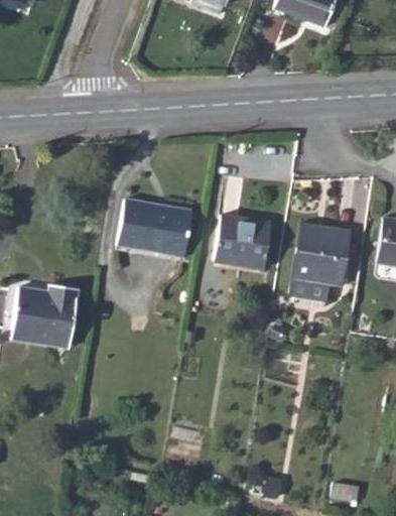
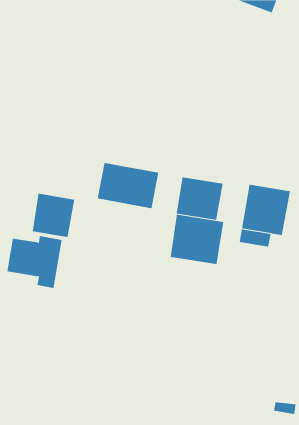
building: none -> [32,193,75,238]
building: none -> [170,214,224,265]

